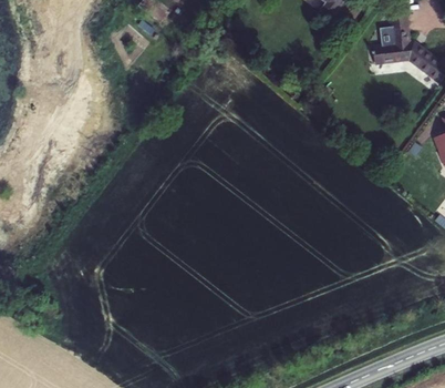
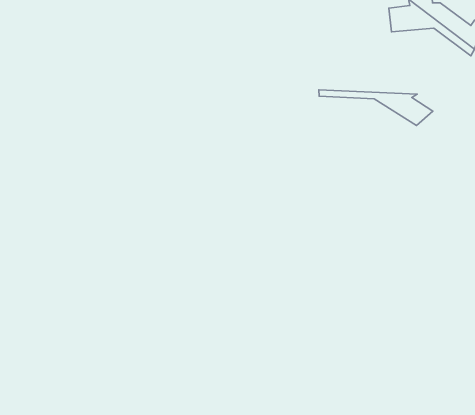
building: none -> [319,90,433,125]

